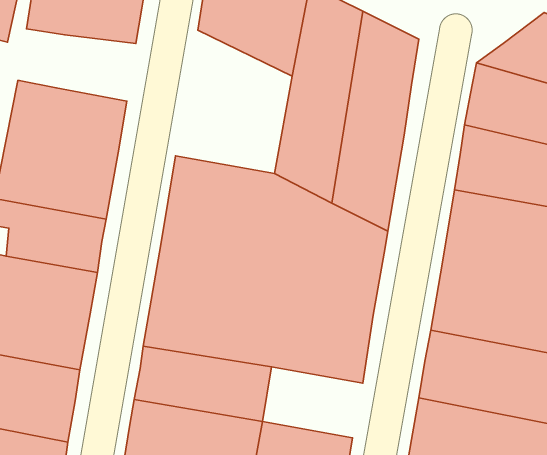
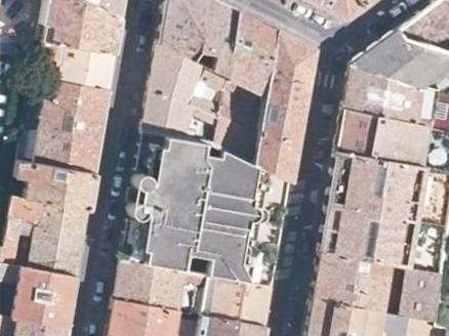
building: none -> [146,41,227,140]
building: none -> [63,44,118,90]
building: none -> [206,275,276,324]

